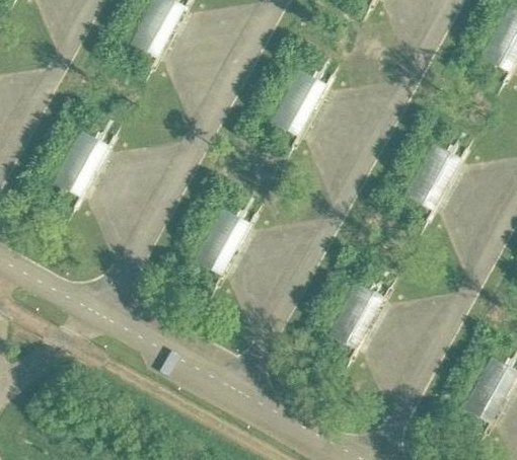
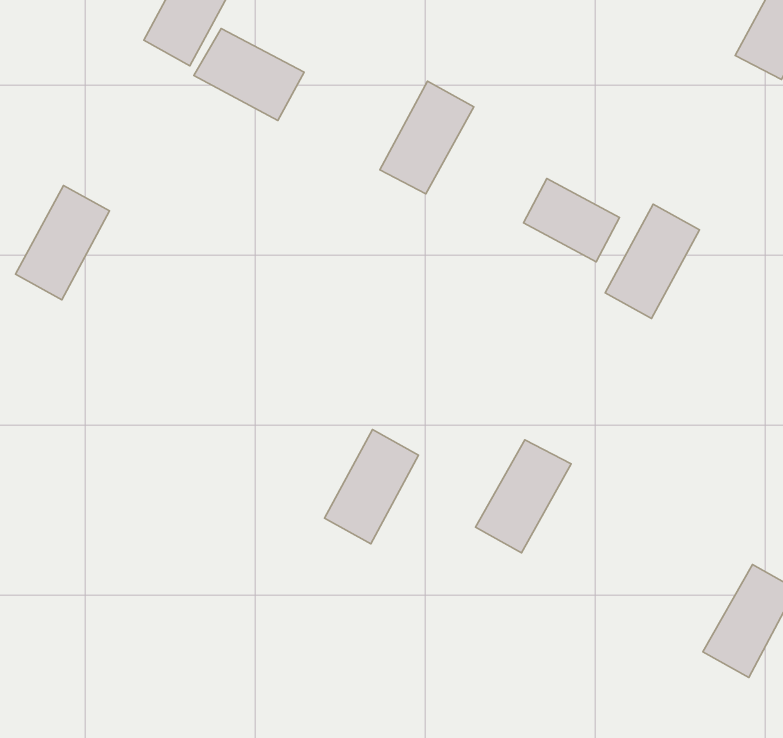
building: none -> [194,28,304,121]
building: none -> [524,179,619,262]
building: [192,207,247,275] -> [325,429,419,544]

